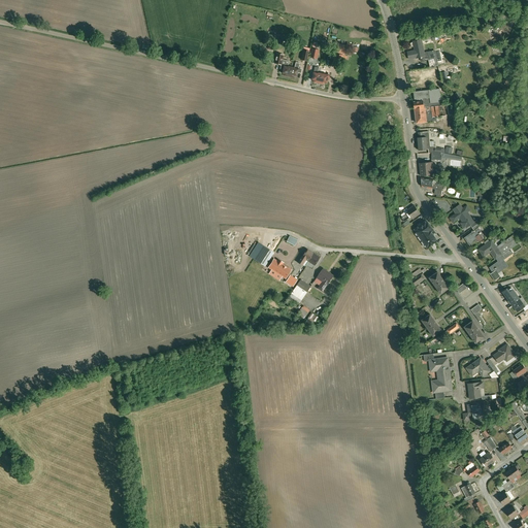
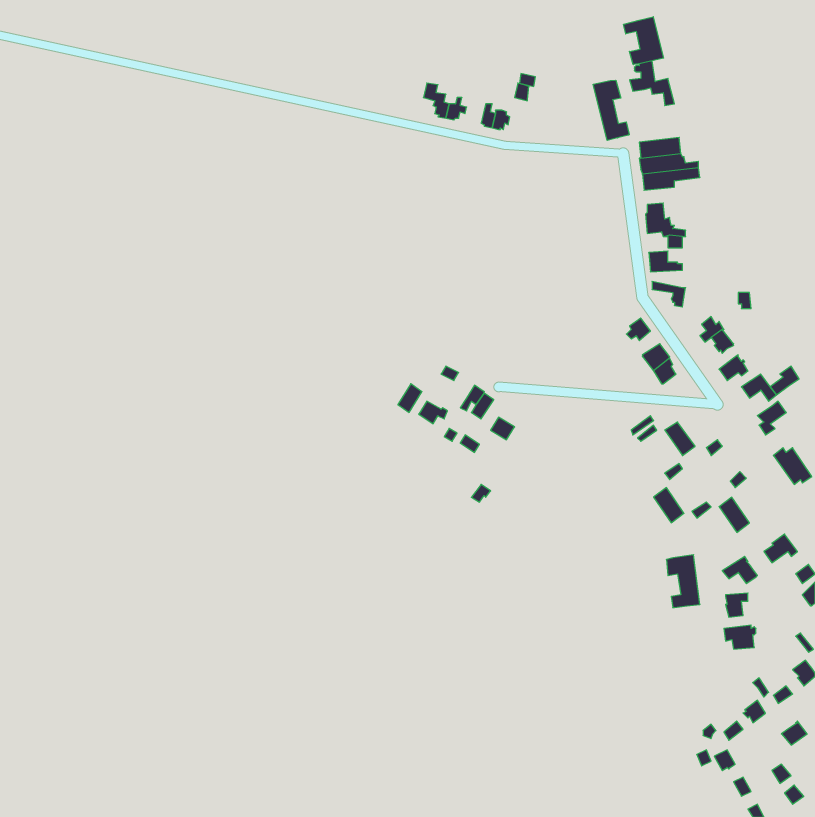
building: none -> [624,17,664,65]
building: none -> [593,80,629,140]

